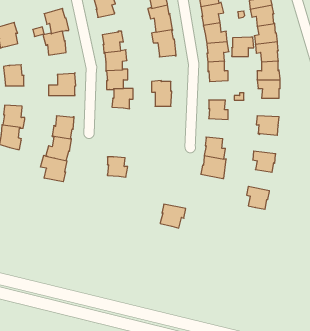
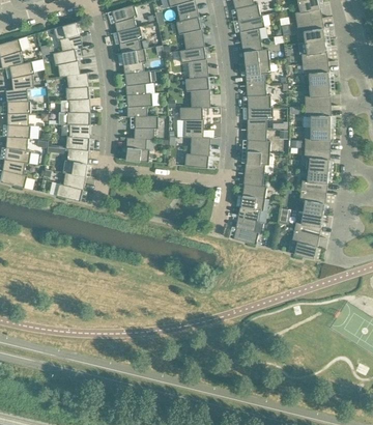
building: none -> [117,26,142,53]
building: [232,37,254,56] -> [247,107,272,130]
building: none -> [9,61,33,89]
building: none -> [65,73,88,101]
building: none -> [184,77,209,108]
building: none -> [6,113,30,138]
building: none -> [61,124,89,150]
building: none -> [304,128,331,149]
building: none -> [184,137,209,168]
building: none -> [243,151,269,175]
building: none -> [299,169,327,193]
building: [41,155,67,182] -> none
building: [107,157,128,177] -> [125,138,149,162]
building: none -> [293,211,321,236]
building: [160,204,186,228] -> [233,217,263,245]

